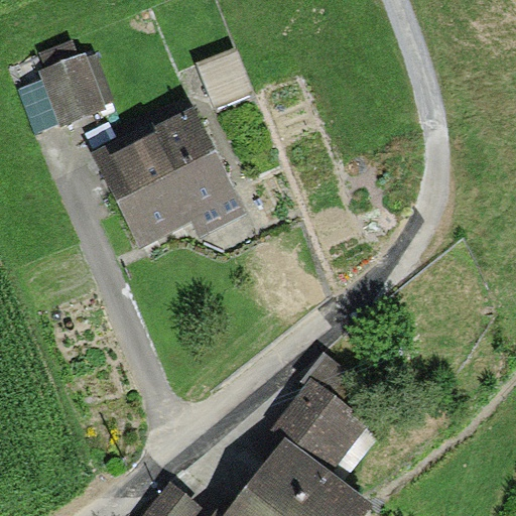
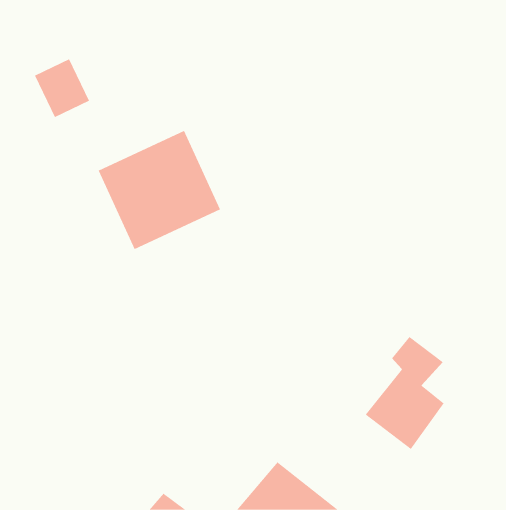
building: [276,342,356,456] -> [365,336,444,450]

